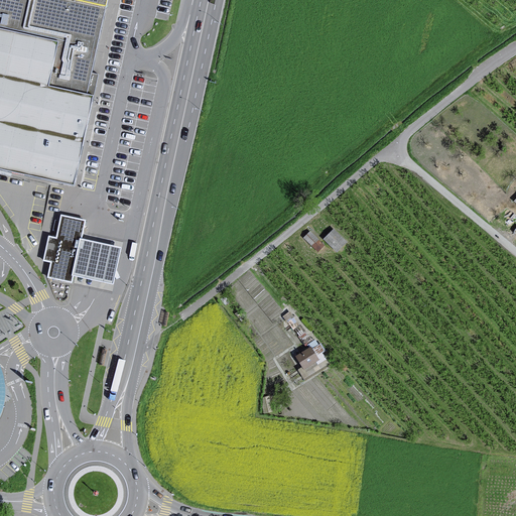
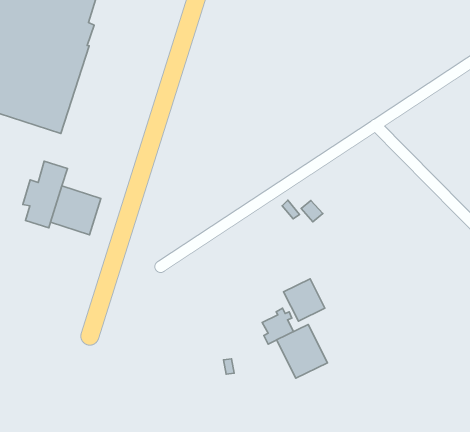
building: none -> [284,279,325,321]
building: none -> [277,324,327,378]

